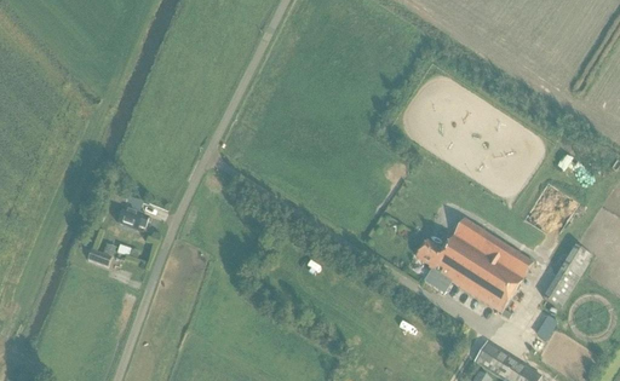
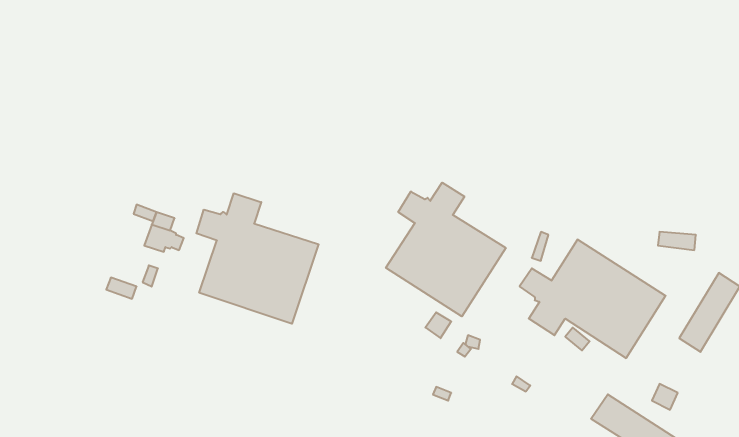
building: none -> [386,183,506,316]
building: none -> [196,193,319,324]

